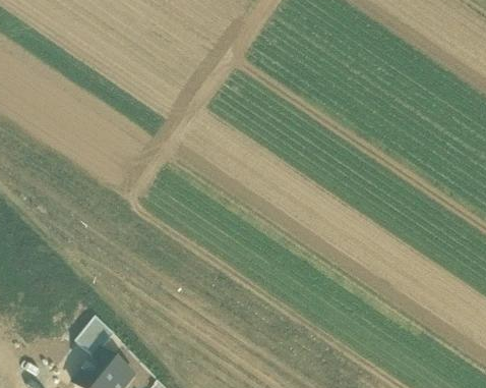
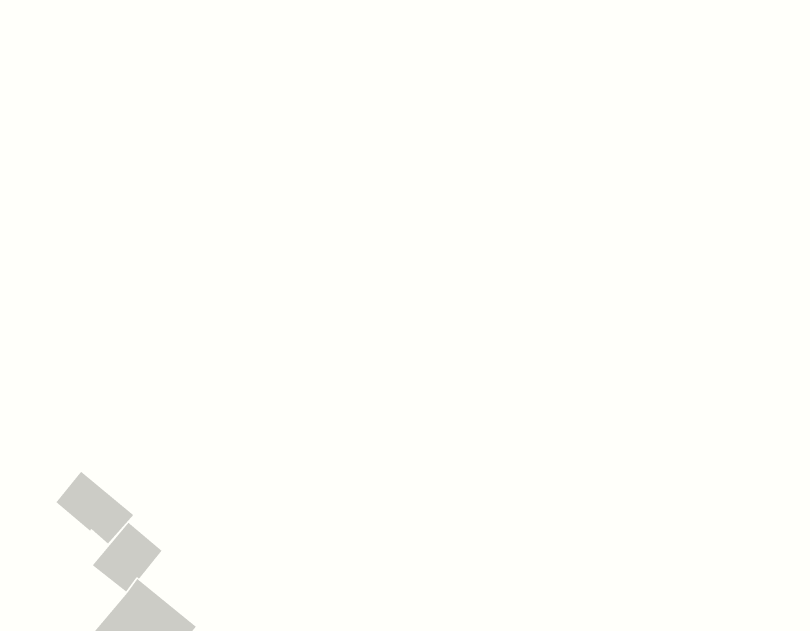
building: none -> [55,471,134,545]

